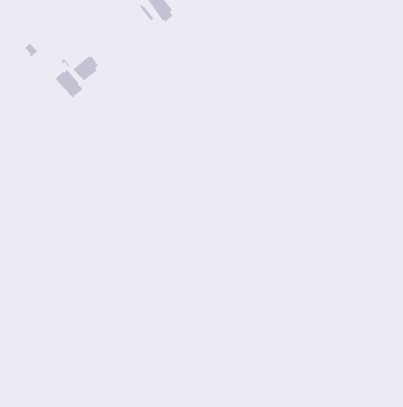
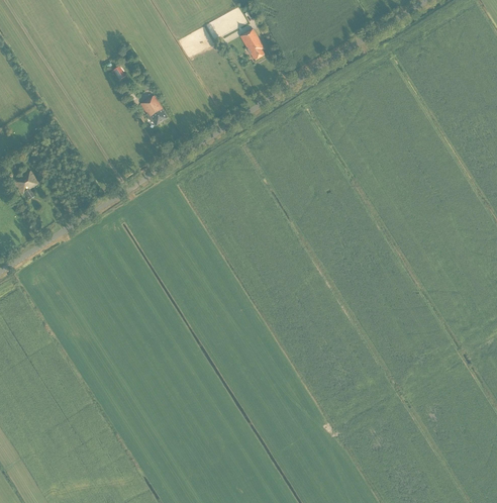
building: [73,55,99,81] -> none

